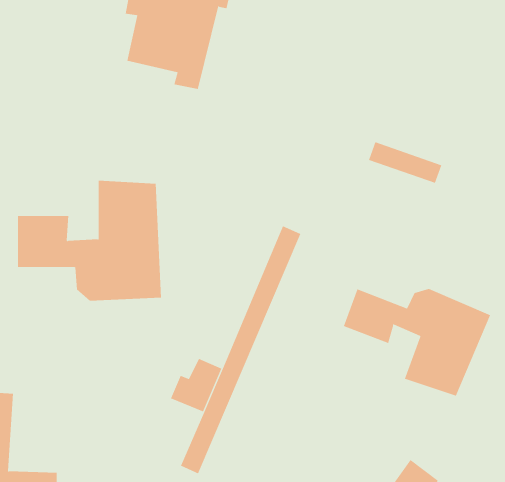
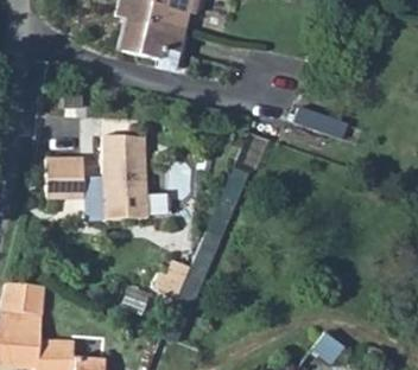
building: [343,288,491,396] -> none

